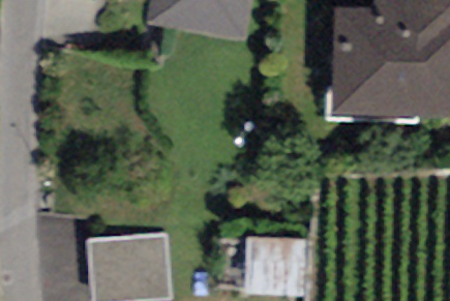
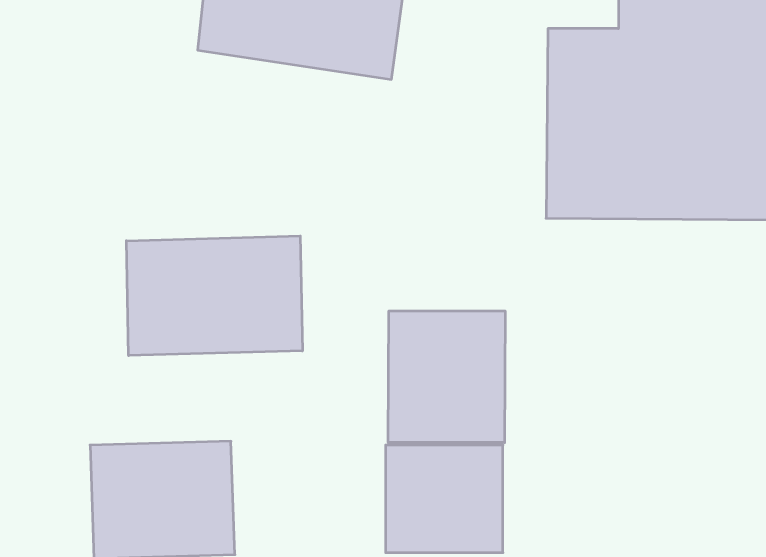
building: none -> [126,236,302,356]
building: none -> [388,311,505,443]

